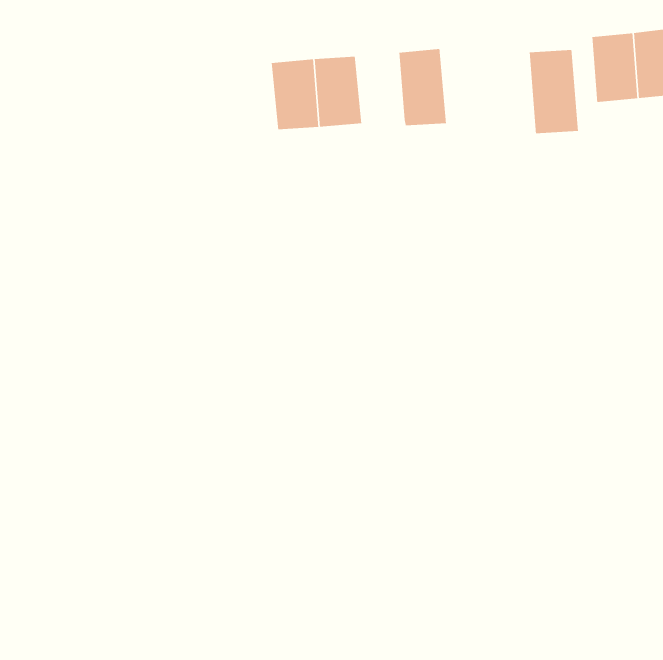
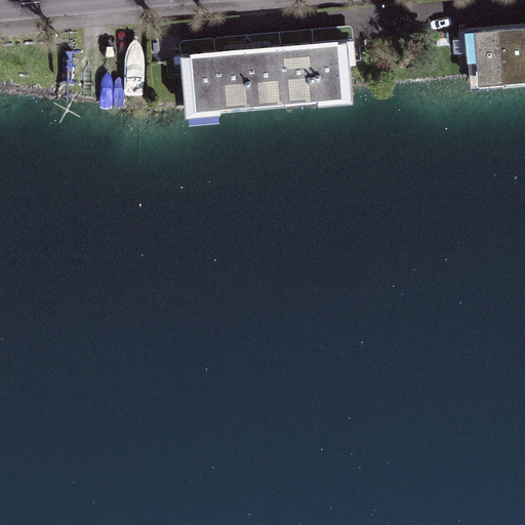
building: [529,49,579,134] -> none
building: none -> [282,45,320,102]
building: none -> [183,53,220,116]

